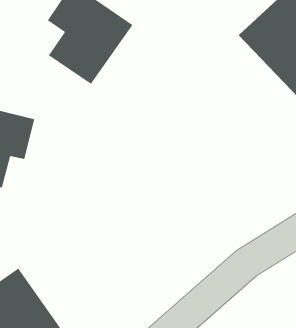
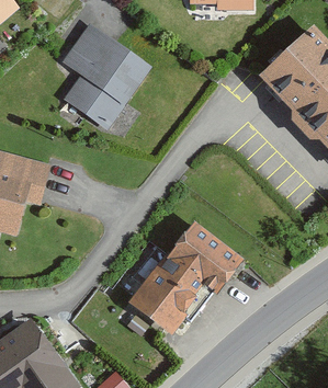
building: none -> [129,220,245,333]

